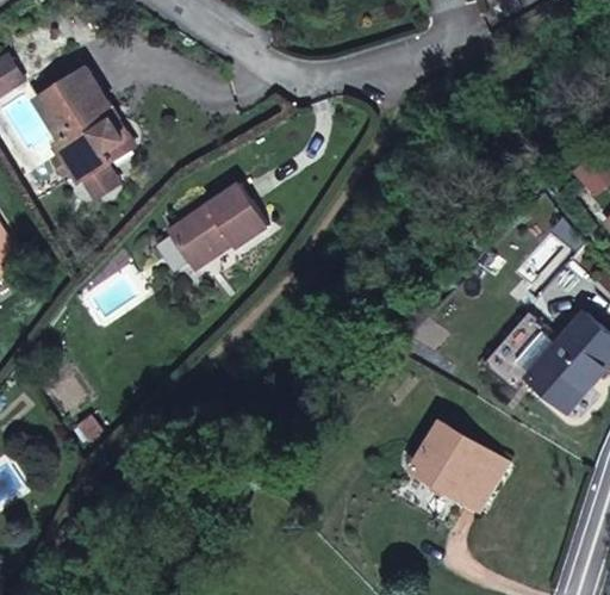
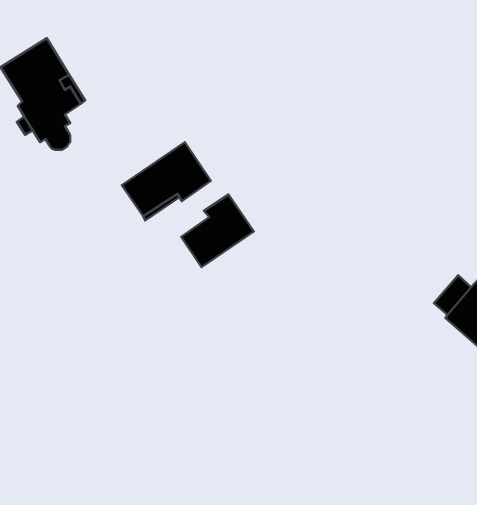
building: none -> [181,195,254,267]
building: [411,422,506,509] -> none

